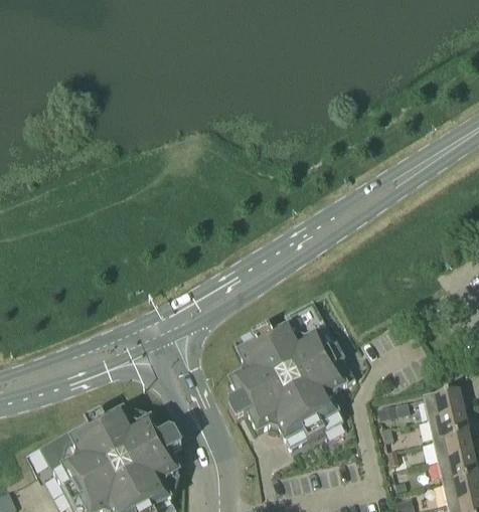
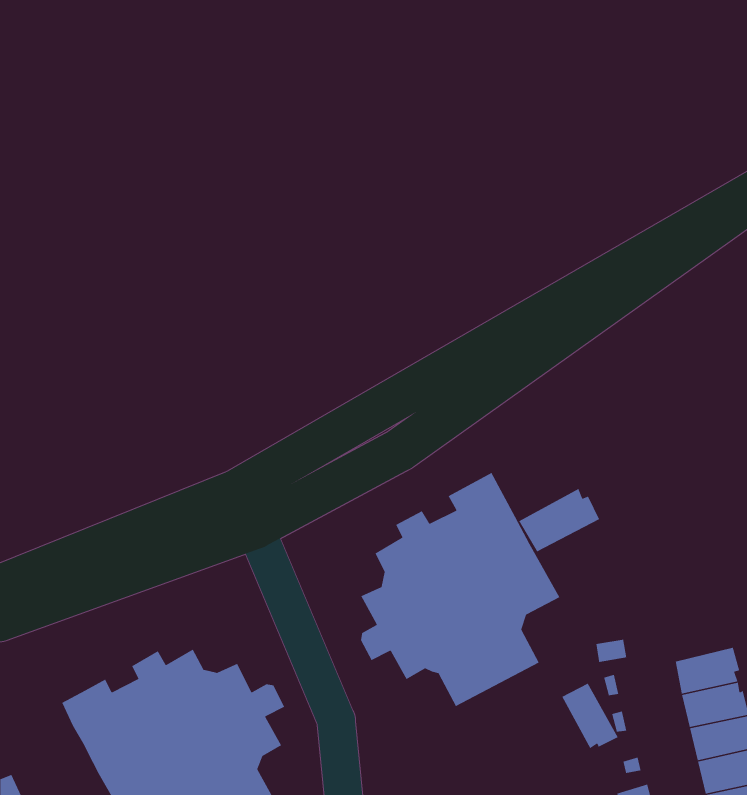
building: none -> [518,488,600,552]
building: [423,389,465,419] -> none
building: none -> [561,683,619,749]

